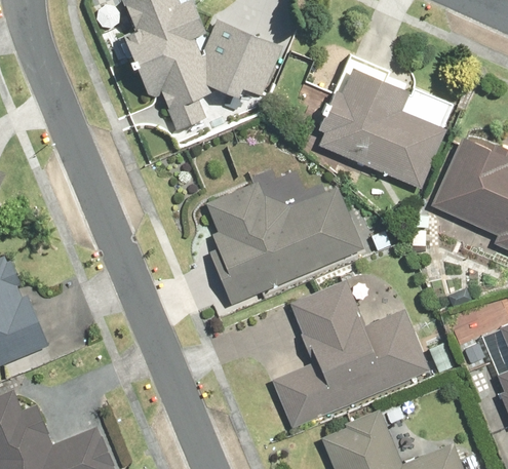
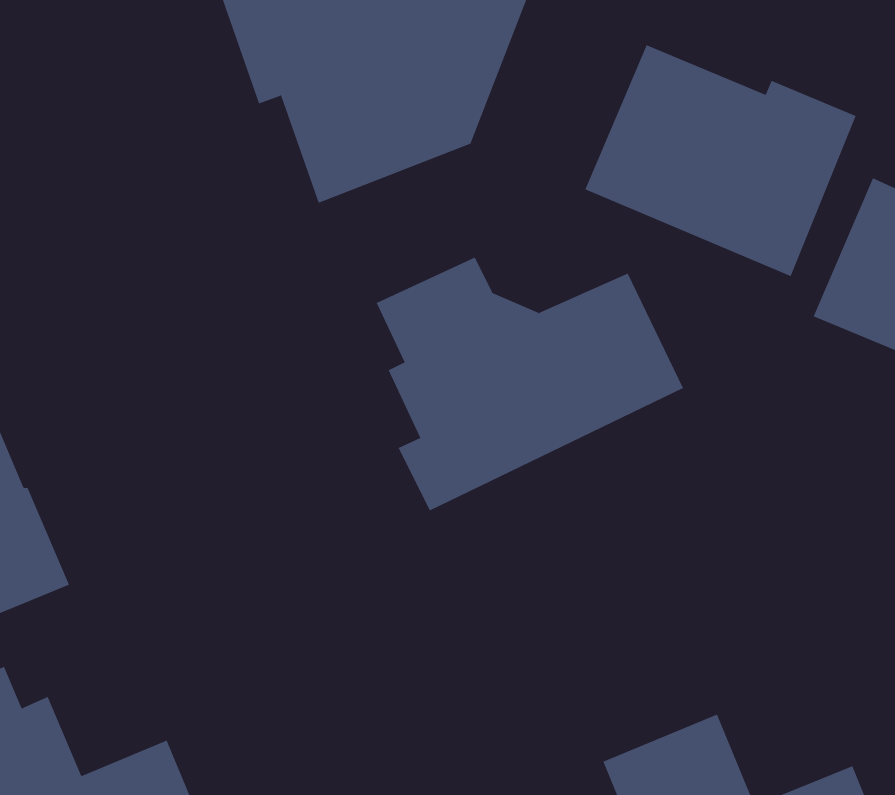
building: [272,280,431,428] -> none

